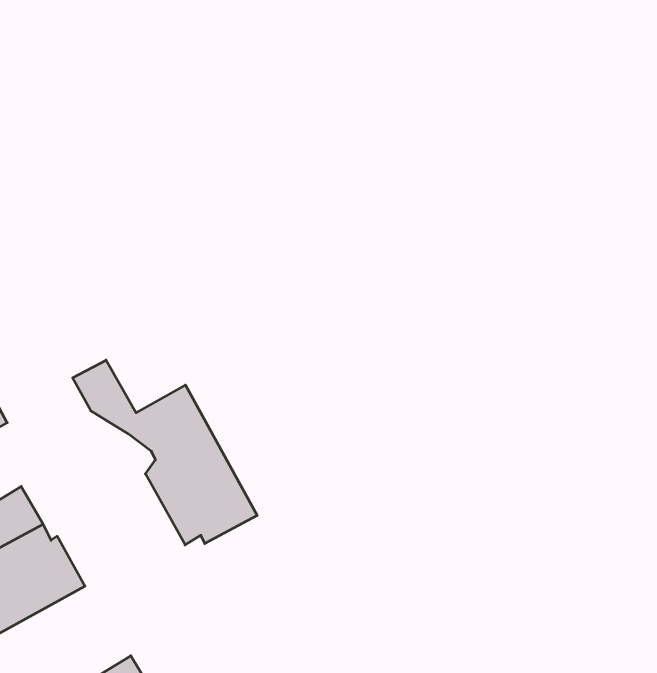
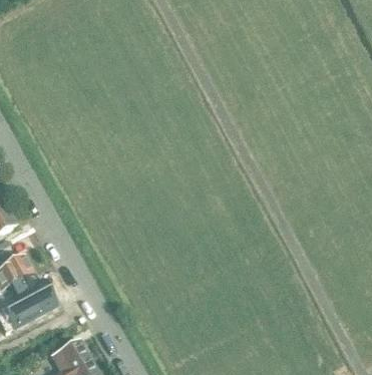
building: [73,360,257,545] -> none

